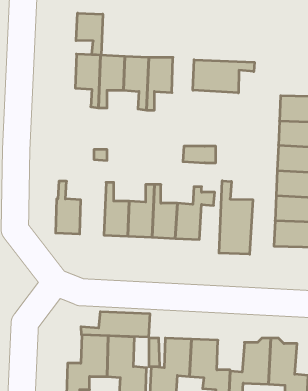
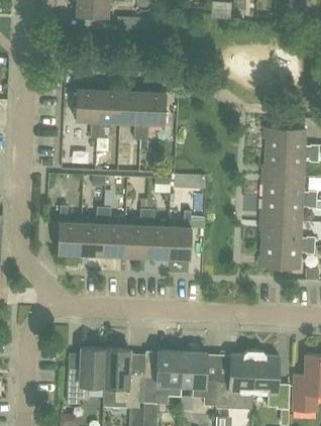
building: [76,13,103,55] -> none
building: [193,60,254,93] -> none
building: [219,181,253,254] -> none
building: none -> [80,207,104,255]
building: [81,312,150,337] -> none

